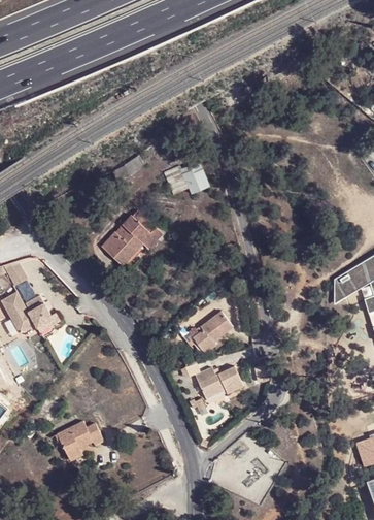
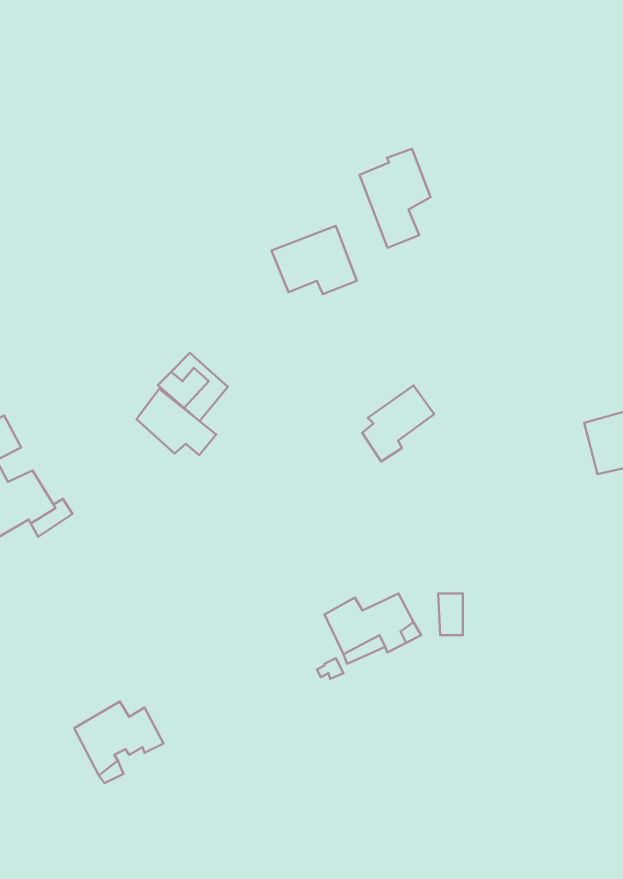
building: none -> [360,149,430,248]
building: [120,214,163,250] -> [136,389,216,455]
building: [196,313,235,354] -> [362,386,434,461]

